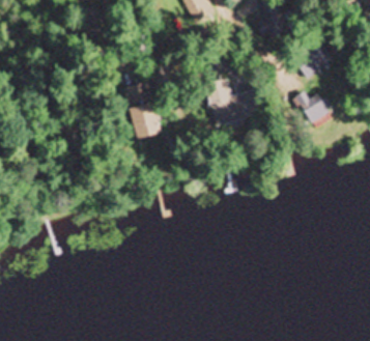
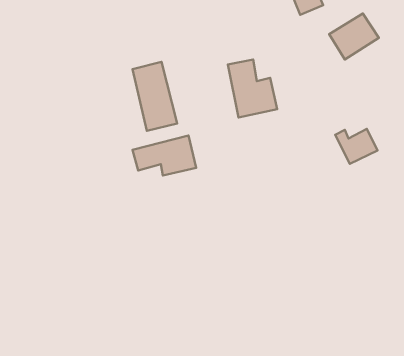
building: [297,91,334,121] -> [335,129,378,164]
building: none -> [132,136,196,176]

